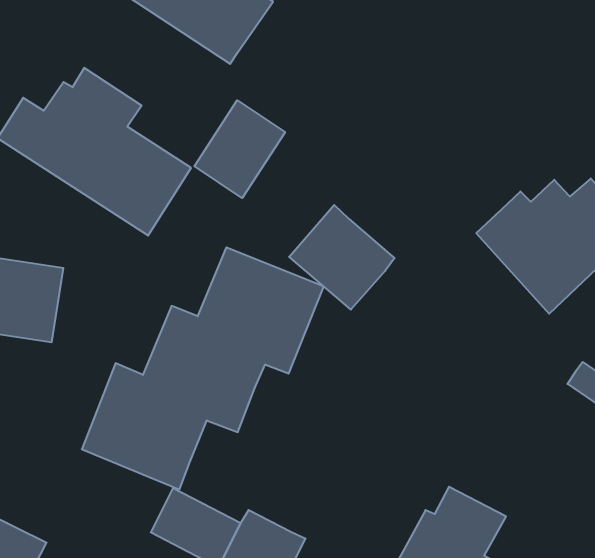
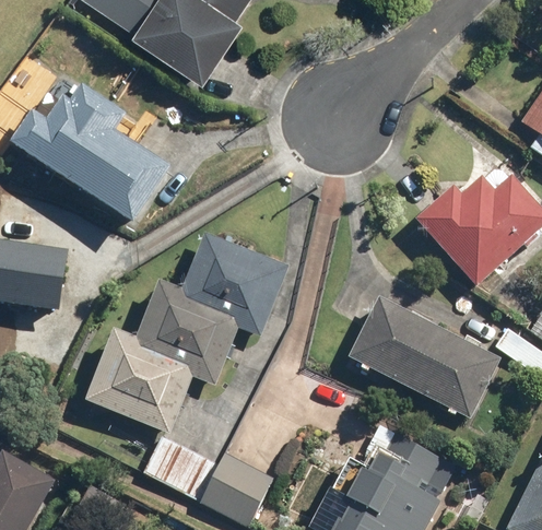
building: [194,100,285,198] -> none
building: [289,205,395,310] -> none
building: none -> [347,297,499,420]

